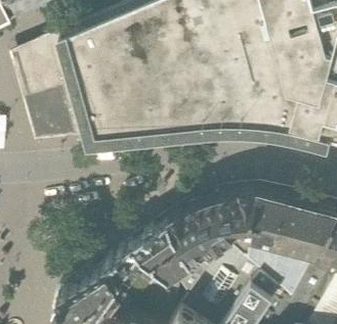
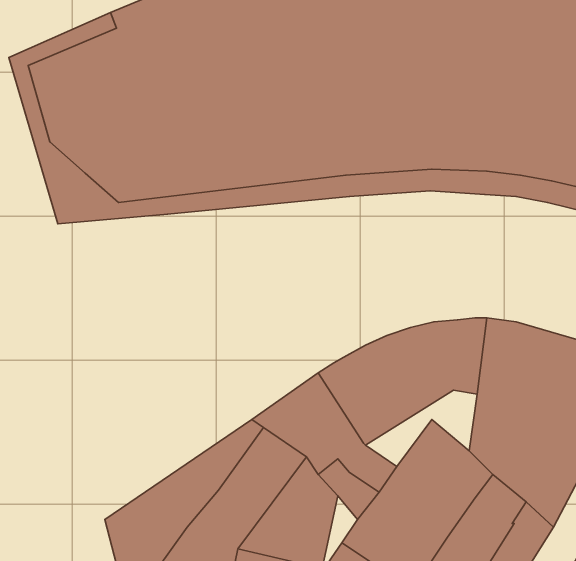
building: [199,234,257,274] -> none

